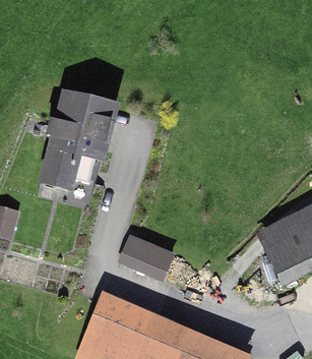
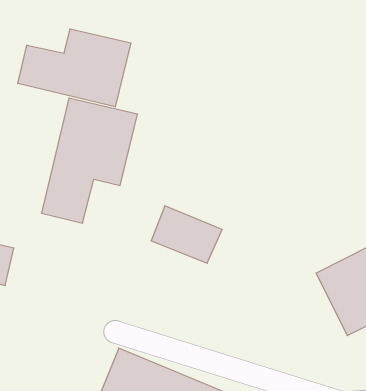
building: none -> [18,29,131,107]
building: [118,234,176,281] -> [151,206,222,263]

